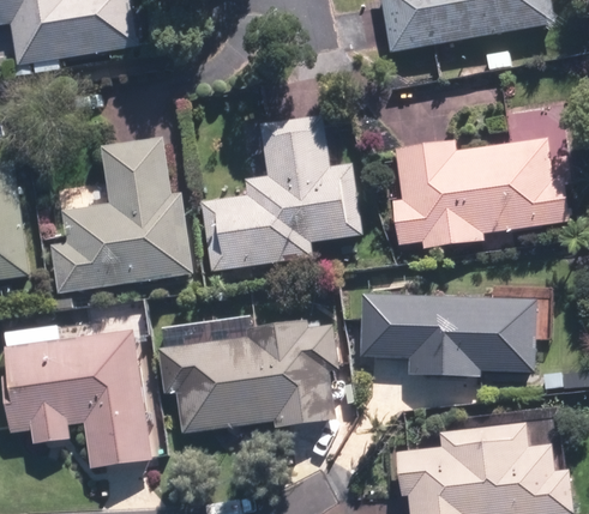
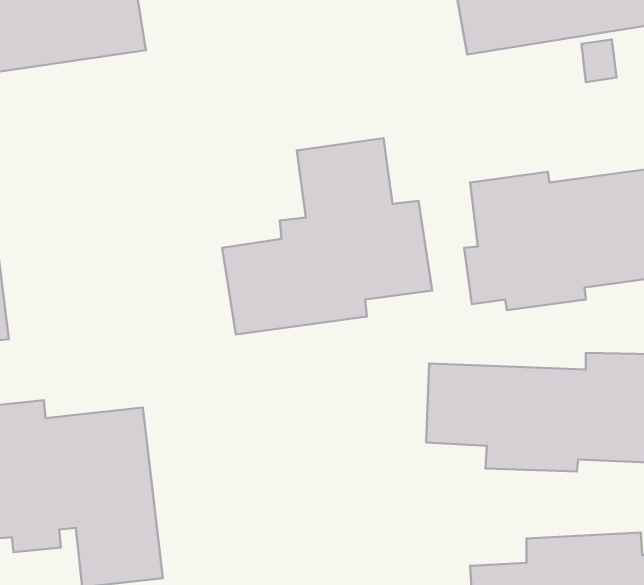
building: [48,135,193,294] -> none
building: [157,319,337,433] -> none

